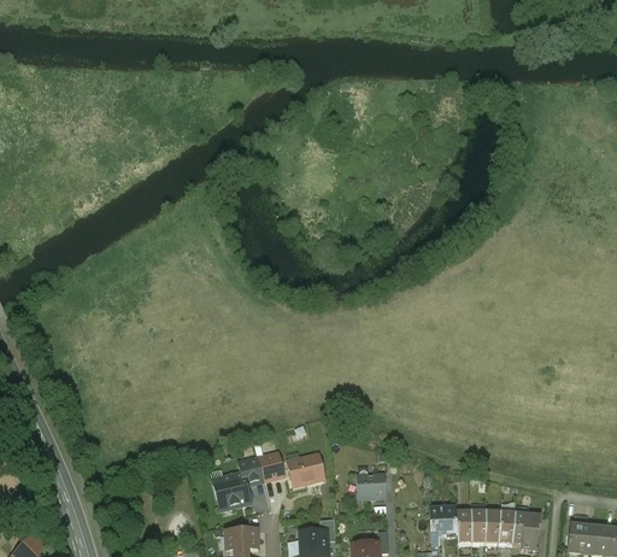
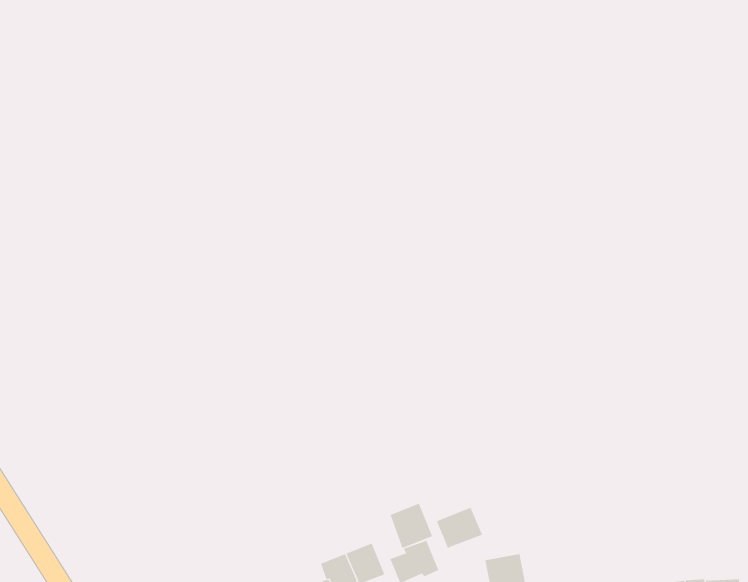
building: none -> [390,503,433,549]
building: none -> [436,507,483,549]

